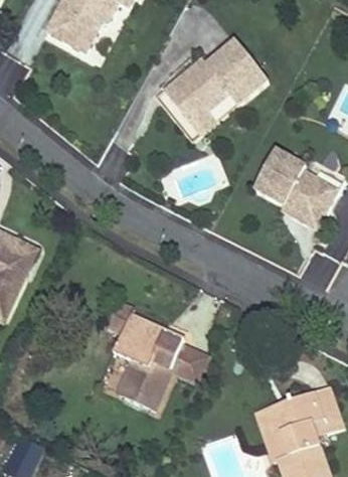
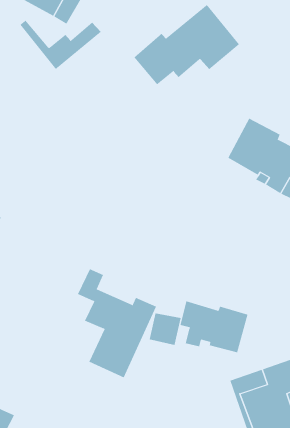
building: [155,92,235,141] -> [20,20,101,70]
building: none -> [180,301,248,353]

